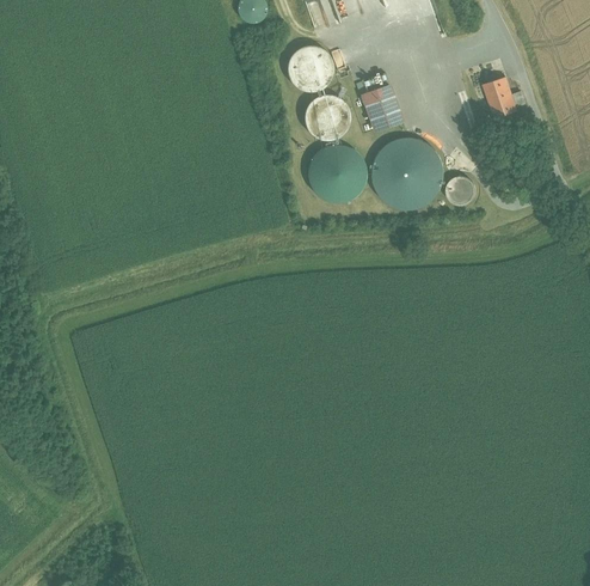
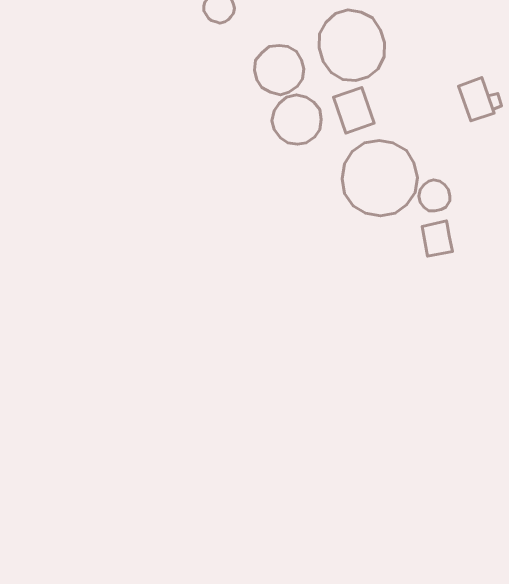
building: none -> [319,10,384,80]
building: [307,145,365,203] -> none
building: none -> [422,221,453,256]

